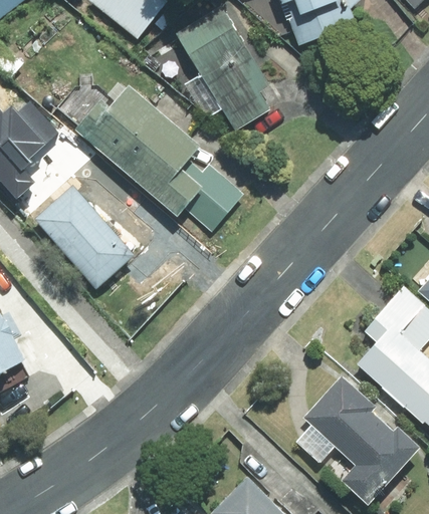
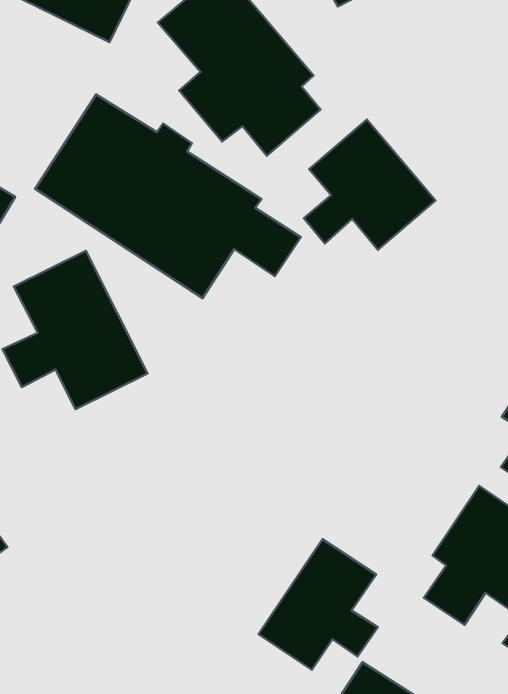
building: none -> [304,120,435,250]
building: none -> [258,539,378,670]

